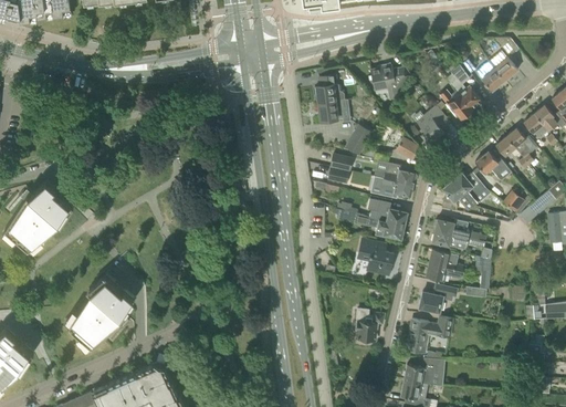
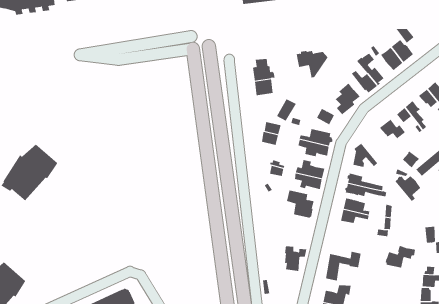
building: [452,173,485,206] -> [395,175,421,202]
building: [64,274,134,349] -> none
building: [418,283,457,312] -> [385,245,416,268]

